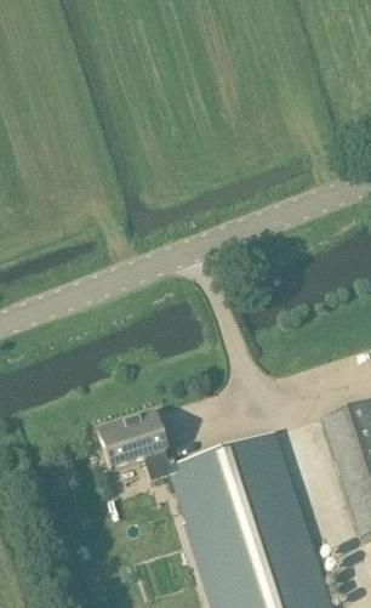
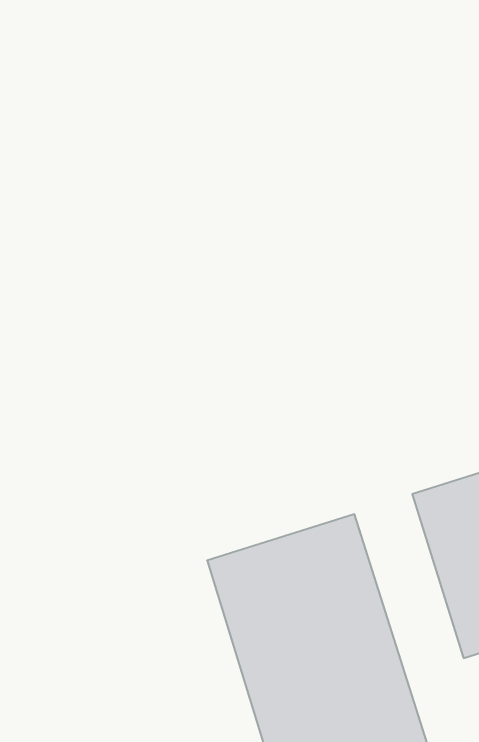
building: [97,410,170,478] -> none

